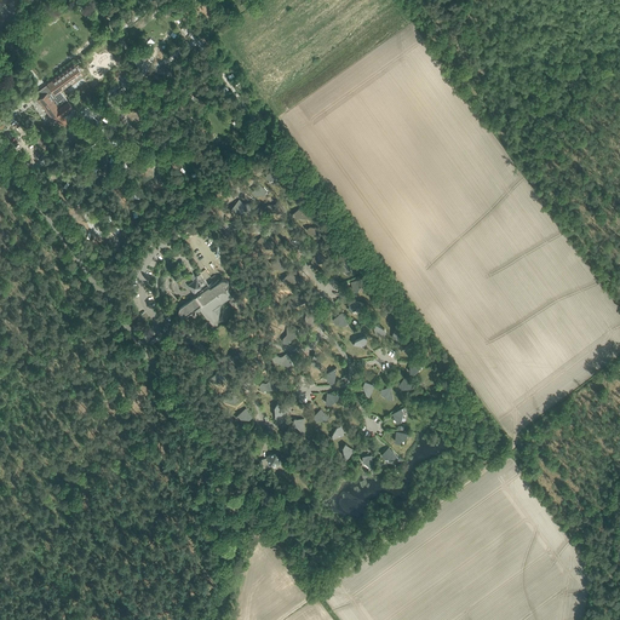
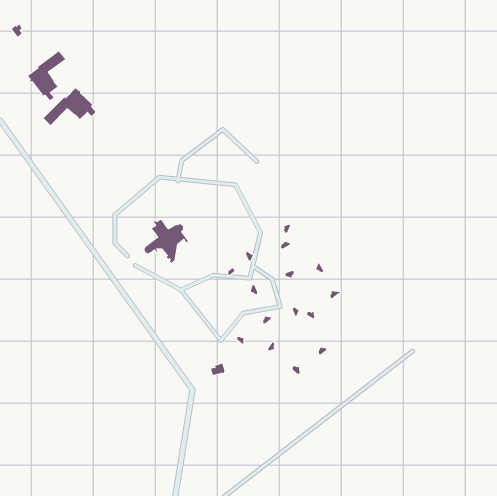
building: none -> [43,87,97,126]

